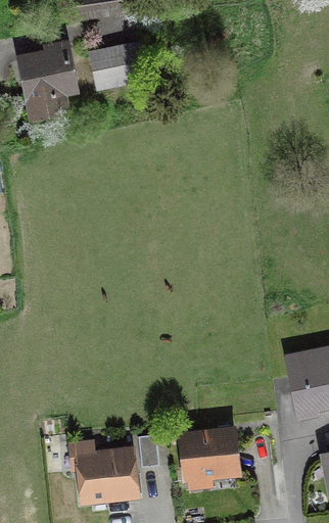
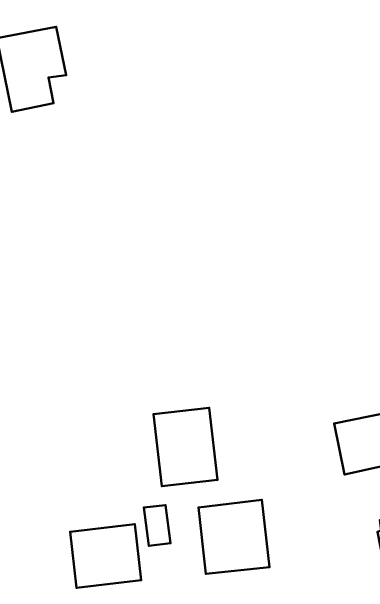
building: [100,45,142,85] -> none
building: none -> [153,408,217,486]

